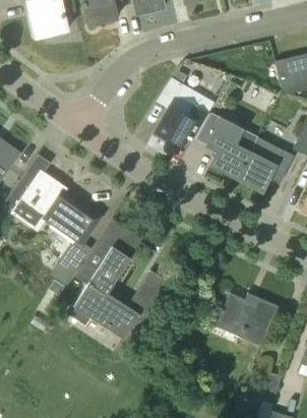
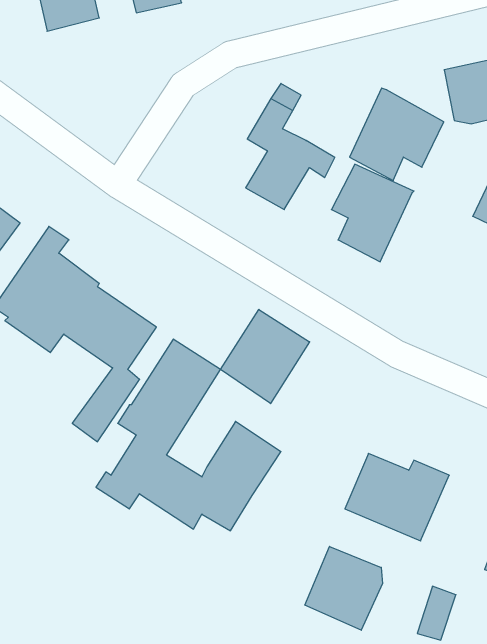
building: [237,135,294,191] -> [350,88,444,181]
building: none -> [220,309,310,404]
building: none -> [305,546,383,630]

